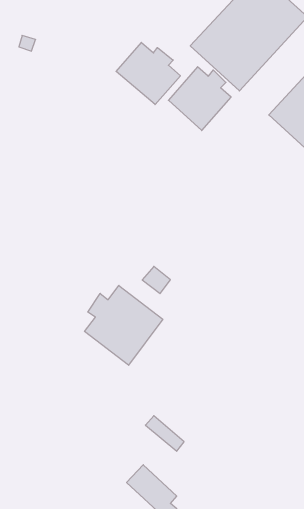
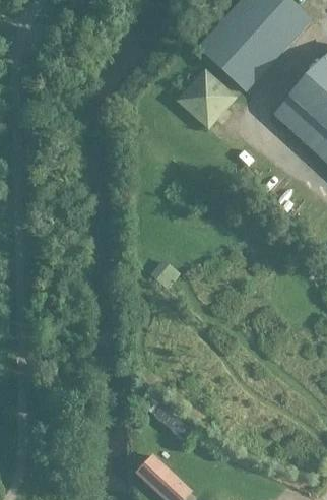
building: [116,42,180,105] -> none
building: [85,285,163,365] -> none

